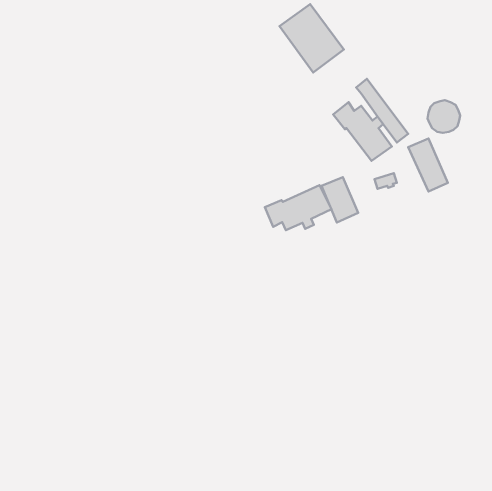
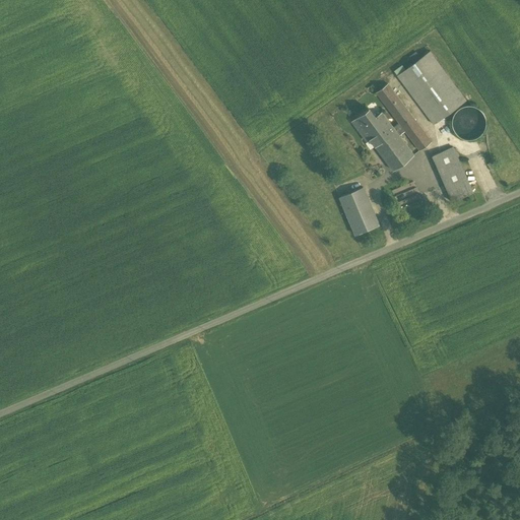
building: [279,4,344,72] -> [397,53,465,125]
building: [265,185,331,230] -> none

